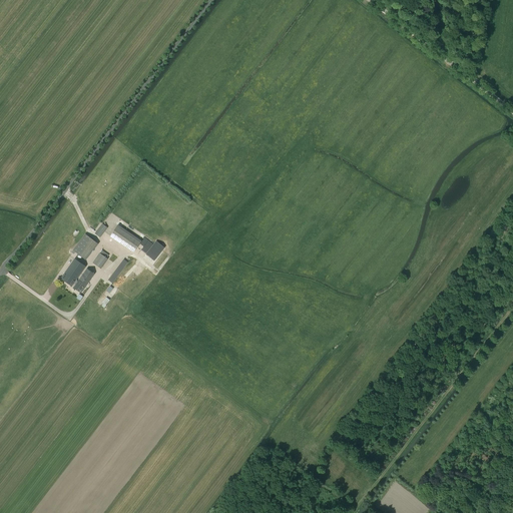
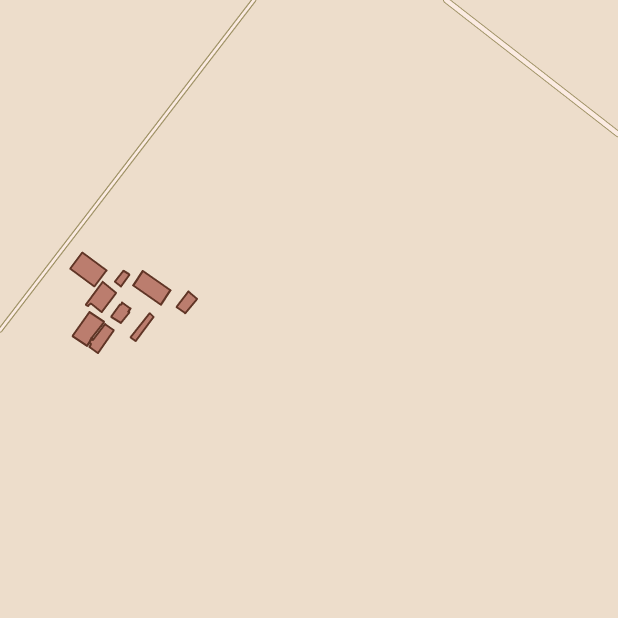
building: none -> [70,253,107,286]

